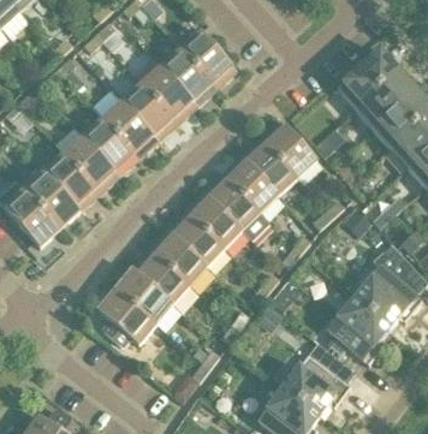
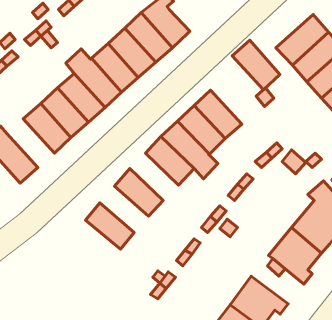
building: [261,118,316,176] -> [232,40,280,90]
building: [24,170,79,226] -> none
building: [167,209,224,264] -> none
building: [132,248,200,311] -> none
building: [97,287,156,343] -> none

